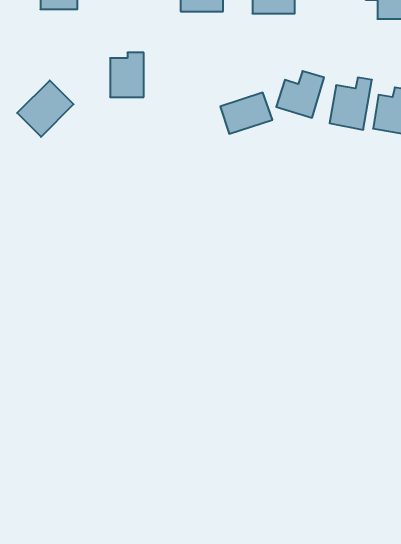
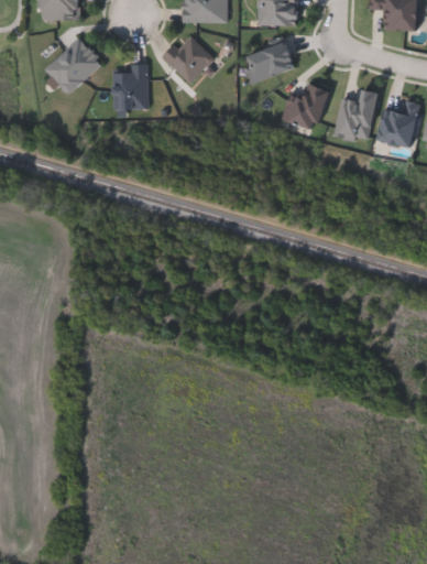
building: none -> [163,32,212,83]
building: [17,80,74,137] -> [45,37,102,95]
building: [220,93,272,134] -> [243,41,296,83]

